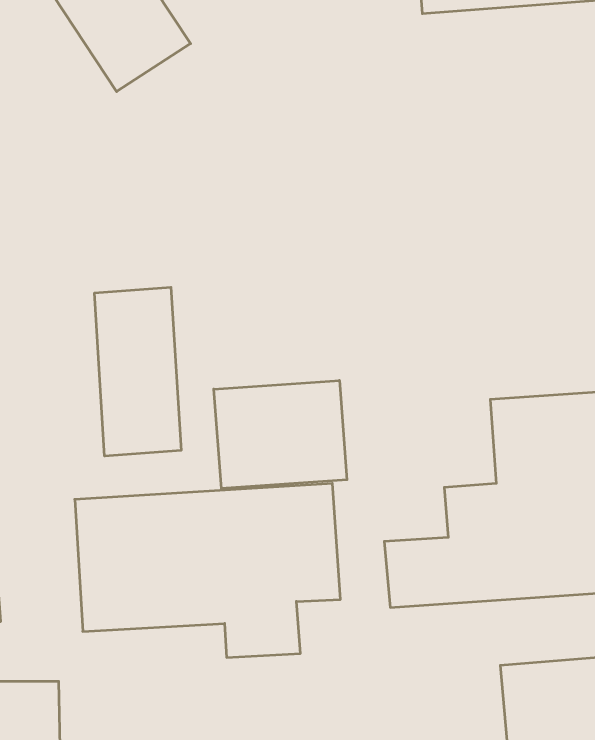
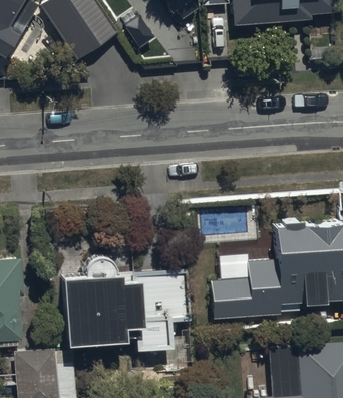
building: [95,287,181,456] -> none
building: [214,380,347,488] -> none

